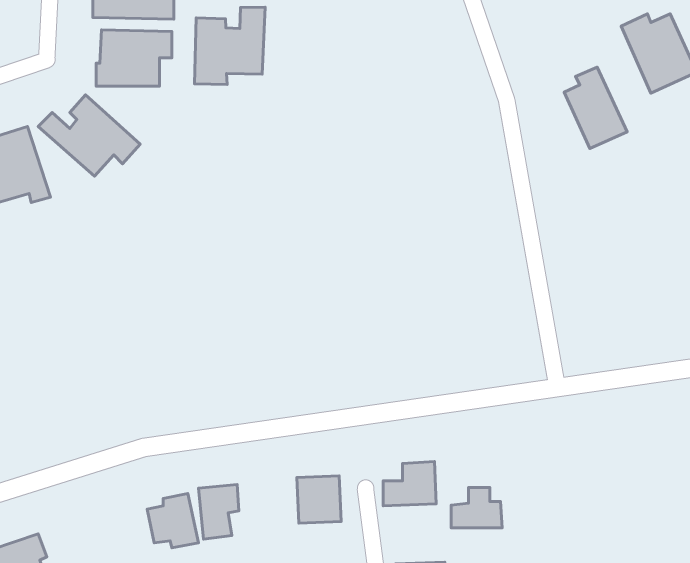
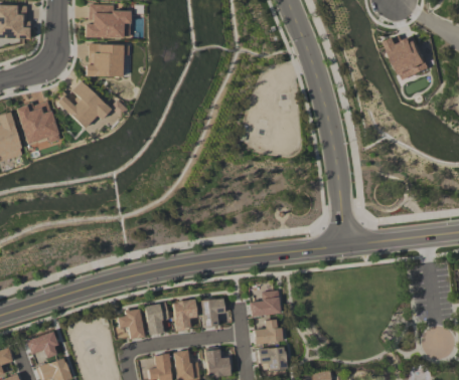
building: [195,7,265,85] -> none
building: [564,67,627,149] -> none
building: none -> [173,301,196,330]
building: [451,487,502,528] -> [255,320,284,343]

